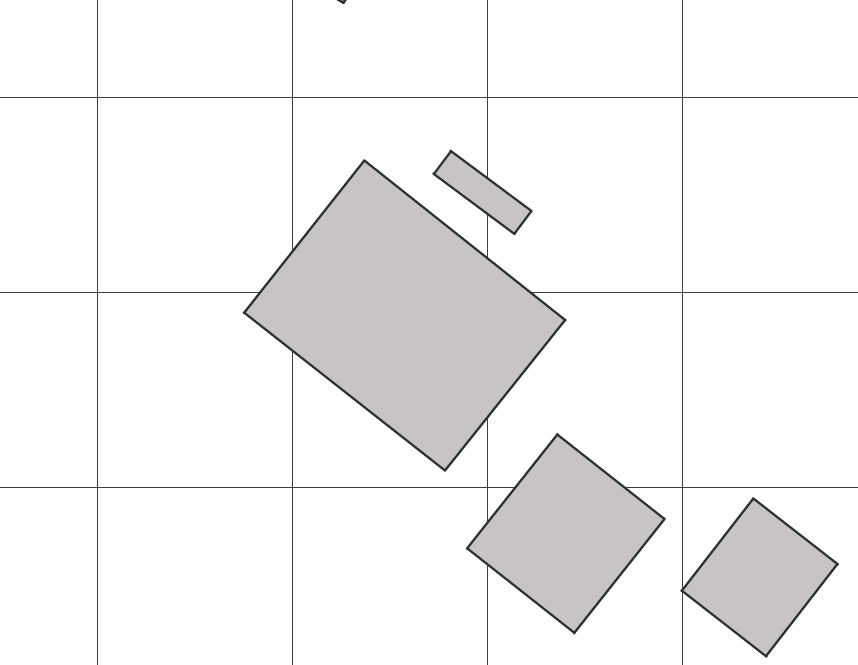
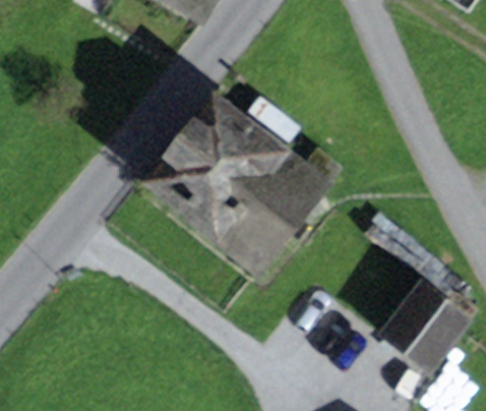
building: [467,434,664,633] -> none

